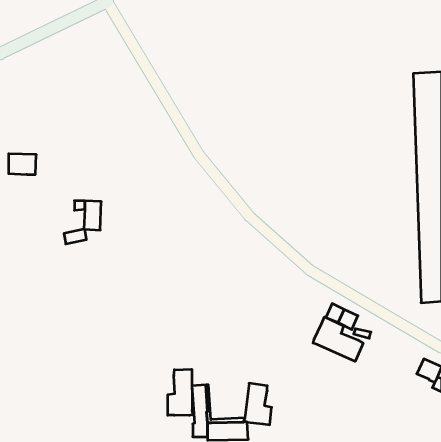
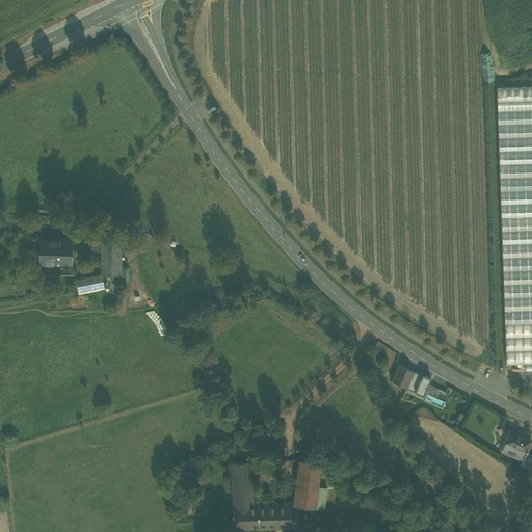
building: [9,154,36,174] -> [41,241,74,266]
building: [313,317,363,361] -> none
building: [168,369,193,415] -> none

